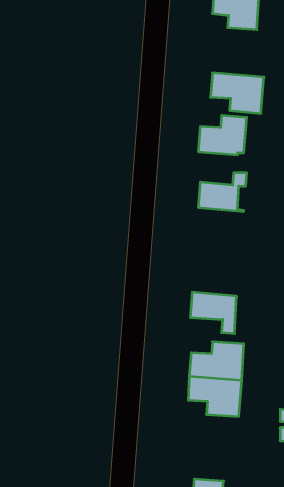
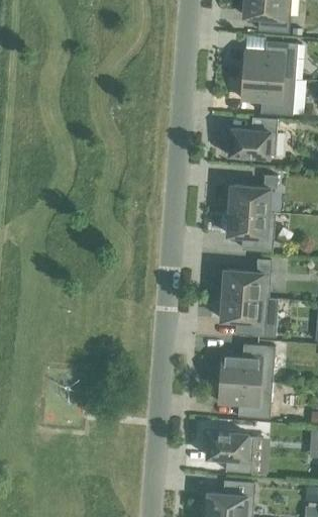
building: none -> [243,40,298,79]
building: none -> [227,209,275,250]
building: none -> [223,258,271,298]
building: none -> [206,430,253,473]

